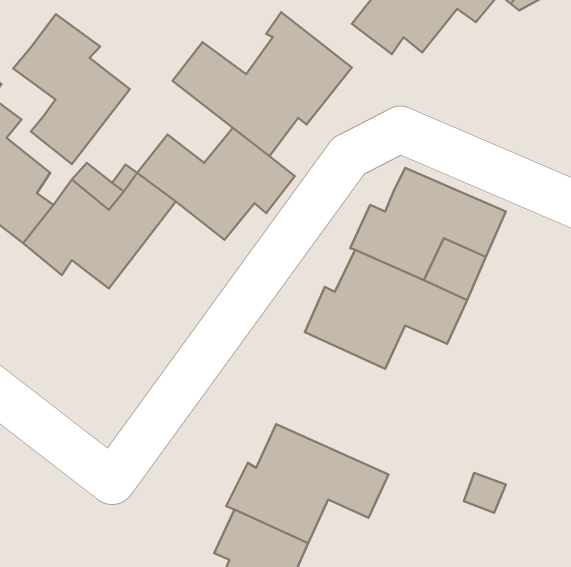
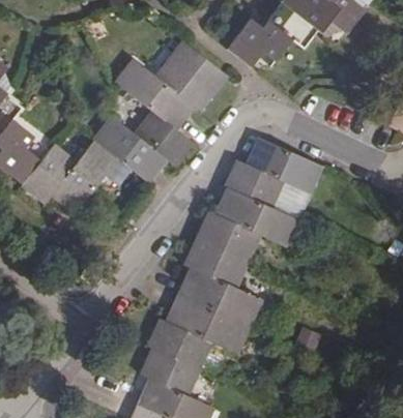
building: [13,14,130,164] -> none
building: none -> [179,239,261,327]

